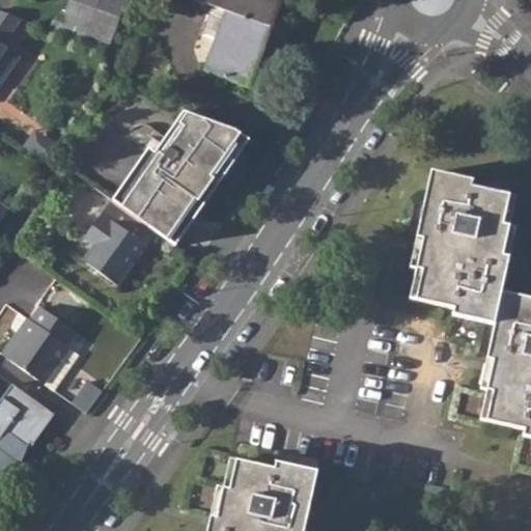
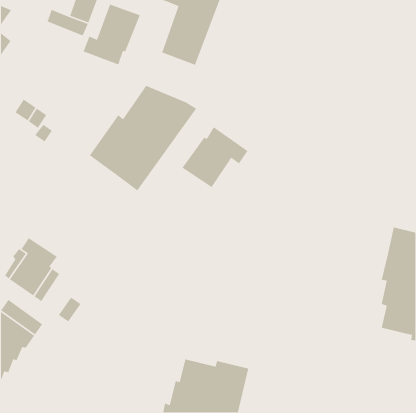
building: none -> [83,4,141,66]
building: none -> [182,126,249,188]
building: [415,169,509,322] -> none
building: [82,197,155,282] -> none

